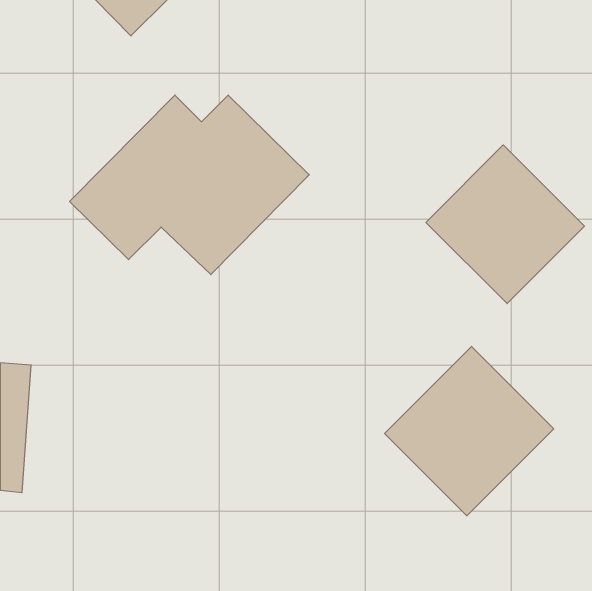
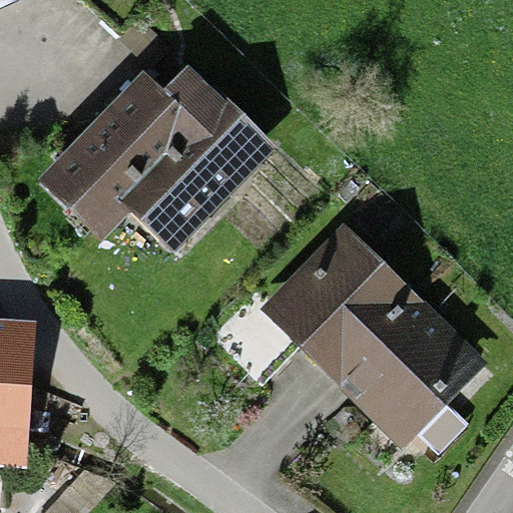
building: [426,145,584,304] -> none
building: none -> [262,228,408,375]

